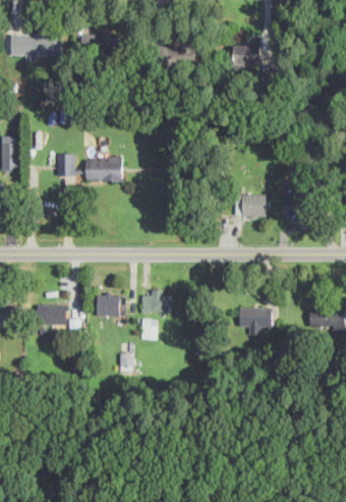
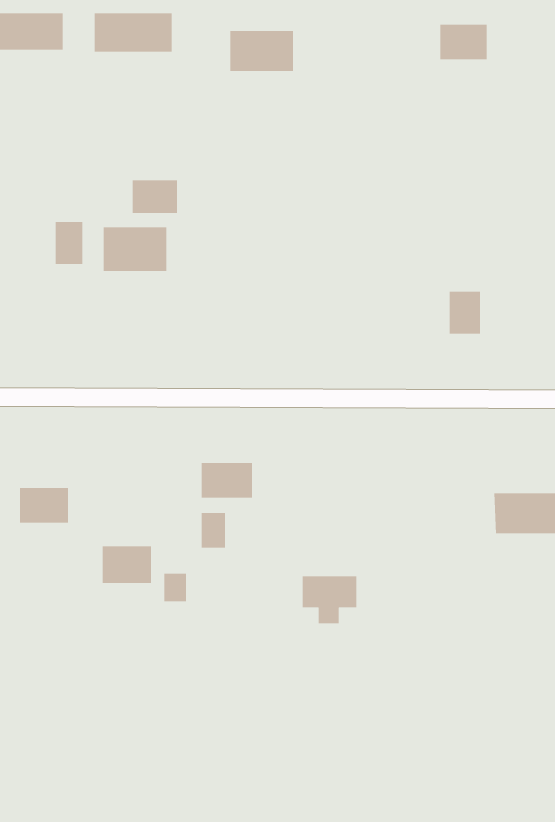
building: [232,46,260,66] -> [439,24,488,60]
building: none -> [132,180,177,214]
building: [234,194,268,218] -> none
building: [97,295,125,317] -> [102,546,152,583]
building: [239,308,271,335] -> [302,576,357,624]

